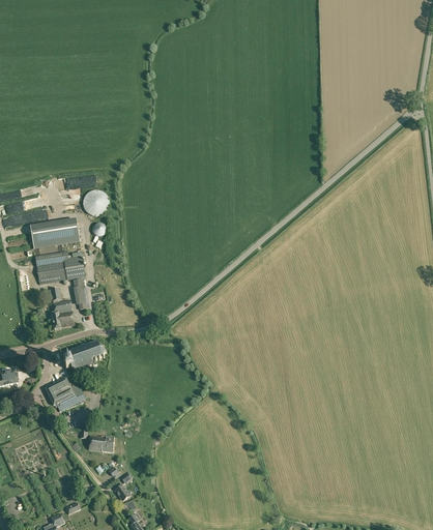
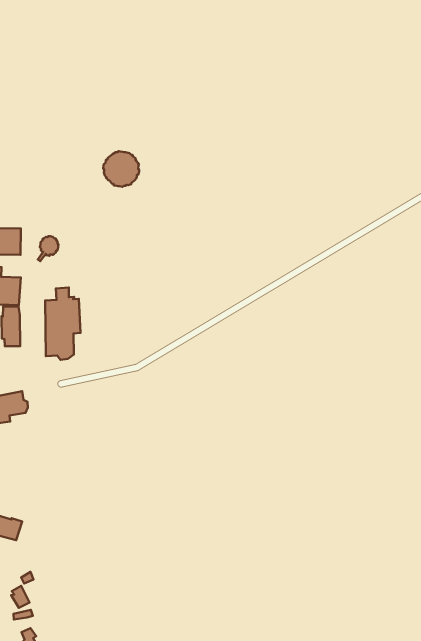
building: [83,189,110,215] -> [103,151,139,187]
building: none -> [45,287,81,360]

